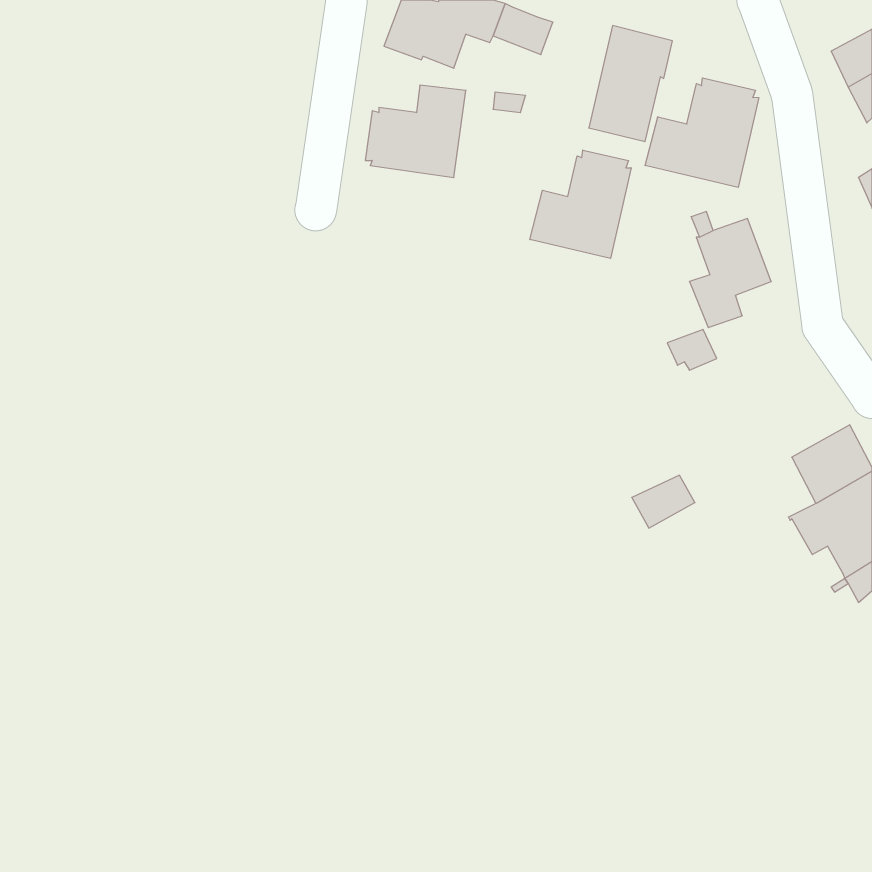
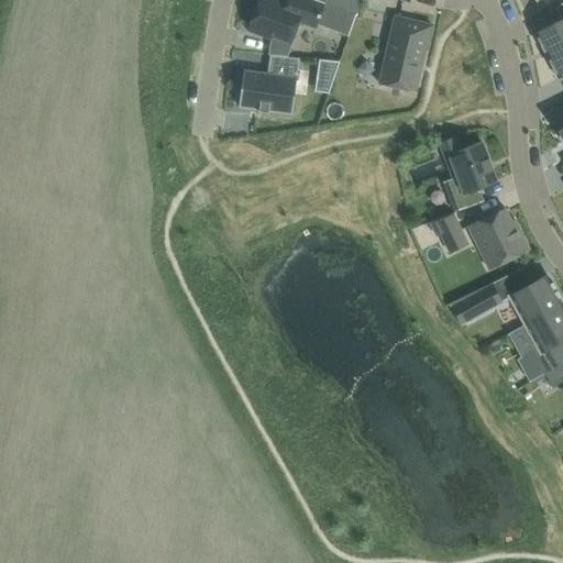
building: [645,78,759,187] -> none
building: [530,150,631,258] -> none
building: none -> [468,207,530,267]
building: [632,475,695,528] -> [462,283,503,317]

